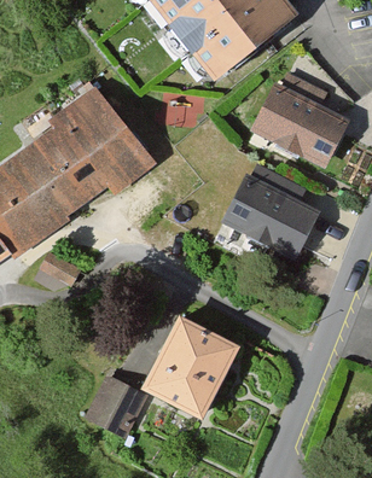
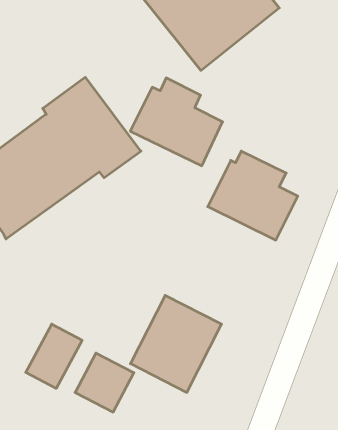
building: [251,74,348,165] -> [130,78,223,166]
building: none -> [26,324,82,388]

